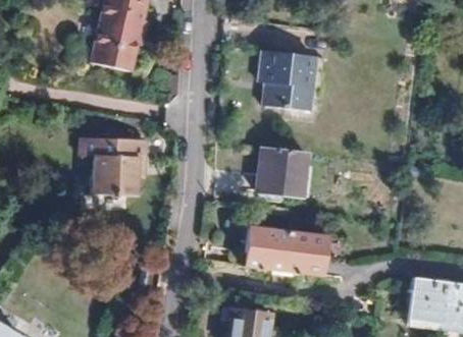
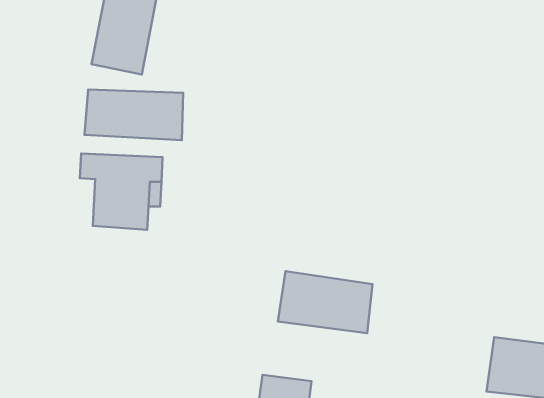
building: [266,54,322,114] -> none
building: none -> [84,89,183,140]
building: [254,147,303,194] -> none

